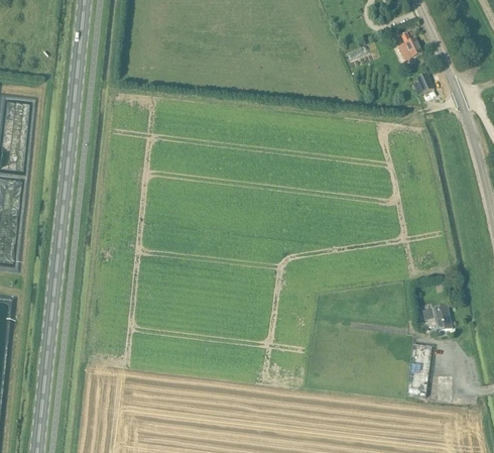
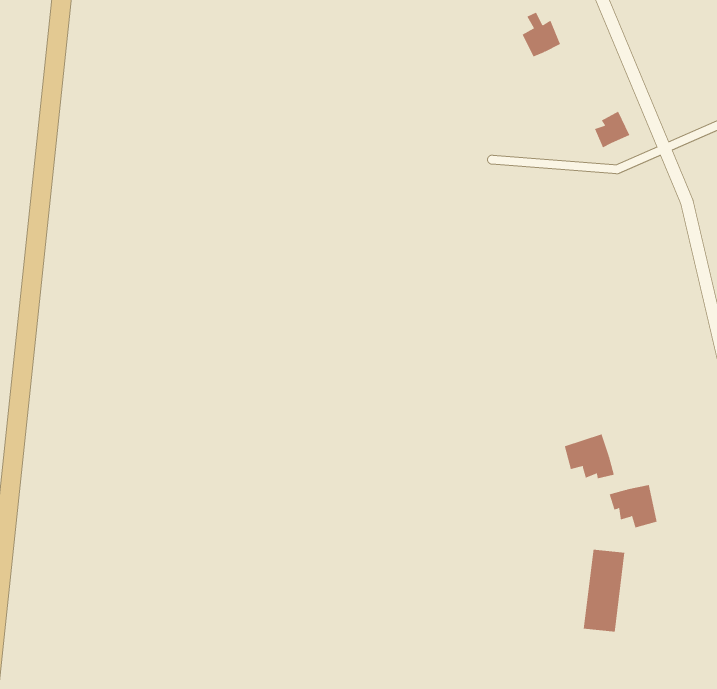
building: [396,31,420,60] -> [522,12,561,57]
building: none -> [564,433,615,479]

